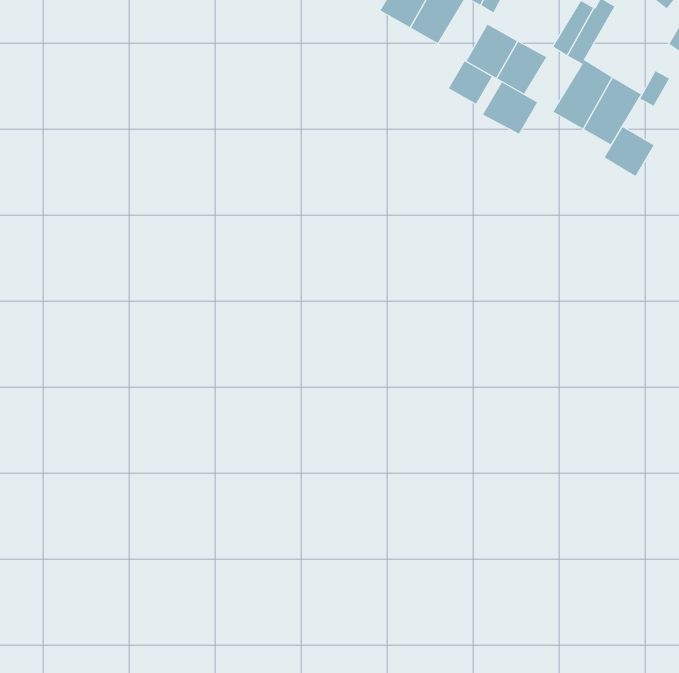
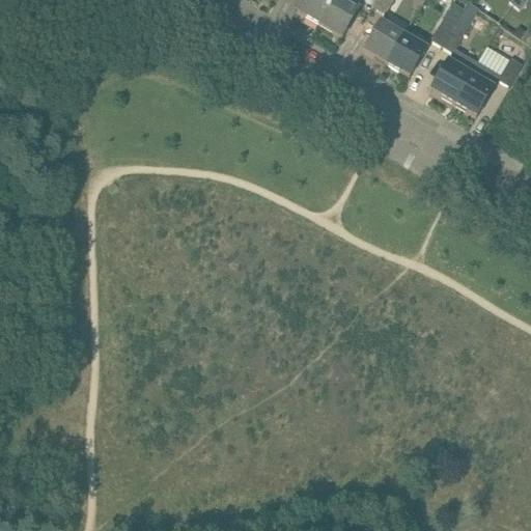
building: [448,60,492,105] -> none
building: [482,82,538,134] -> none
building: [604,126,654,177] -> none

